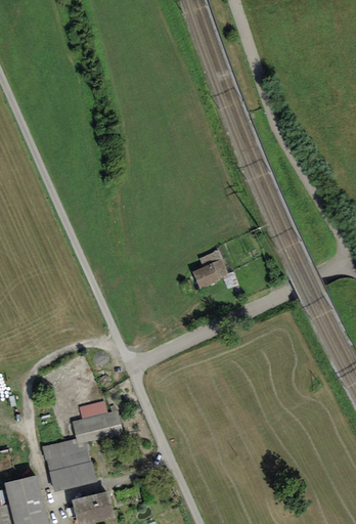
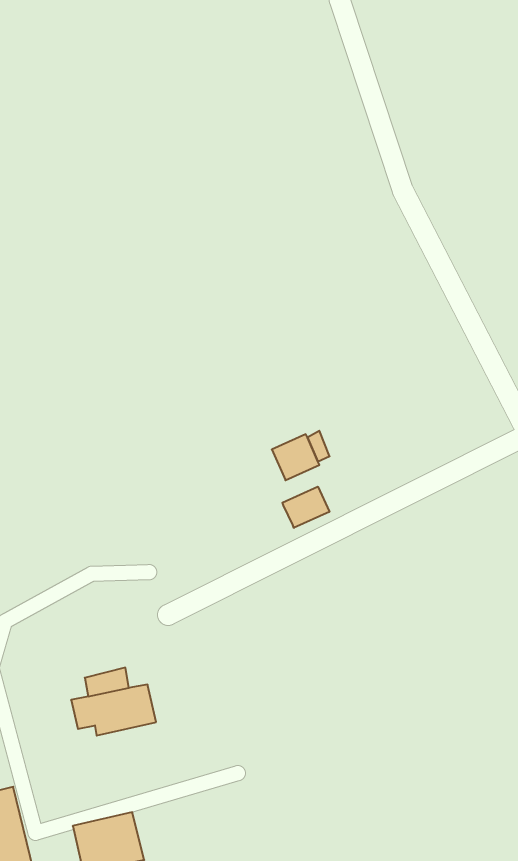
building: none -> [282,487,329,528]
building: [42,436,96,491] -> none

